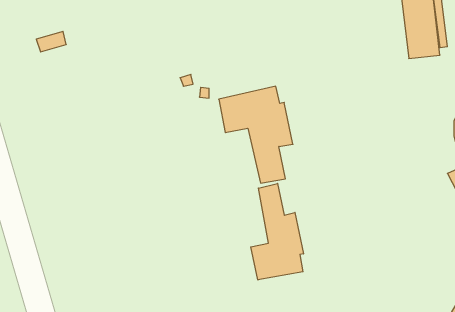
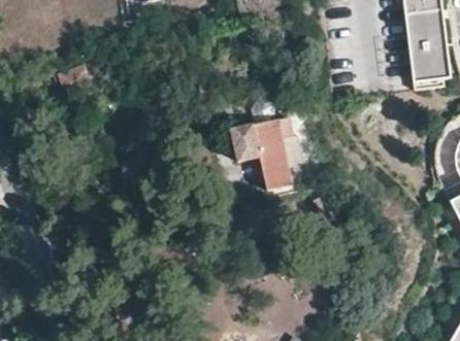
building: [251,183,303,280] -> none

